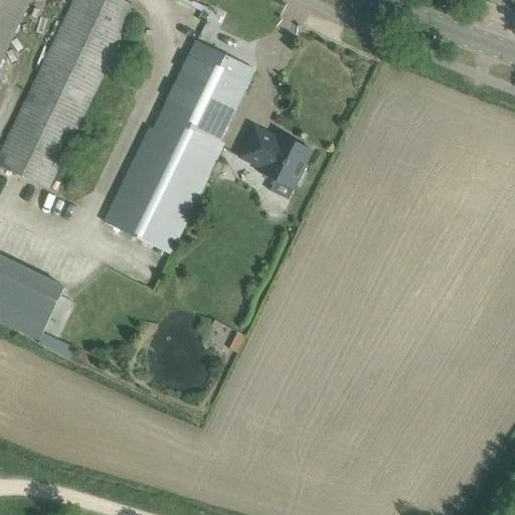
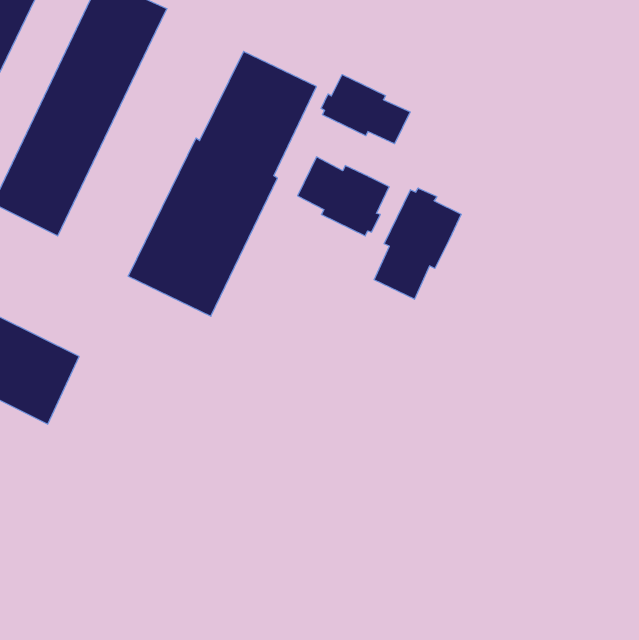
building: none -> [321,75,410,144]
building: none -> [374,188,461,299]

